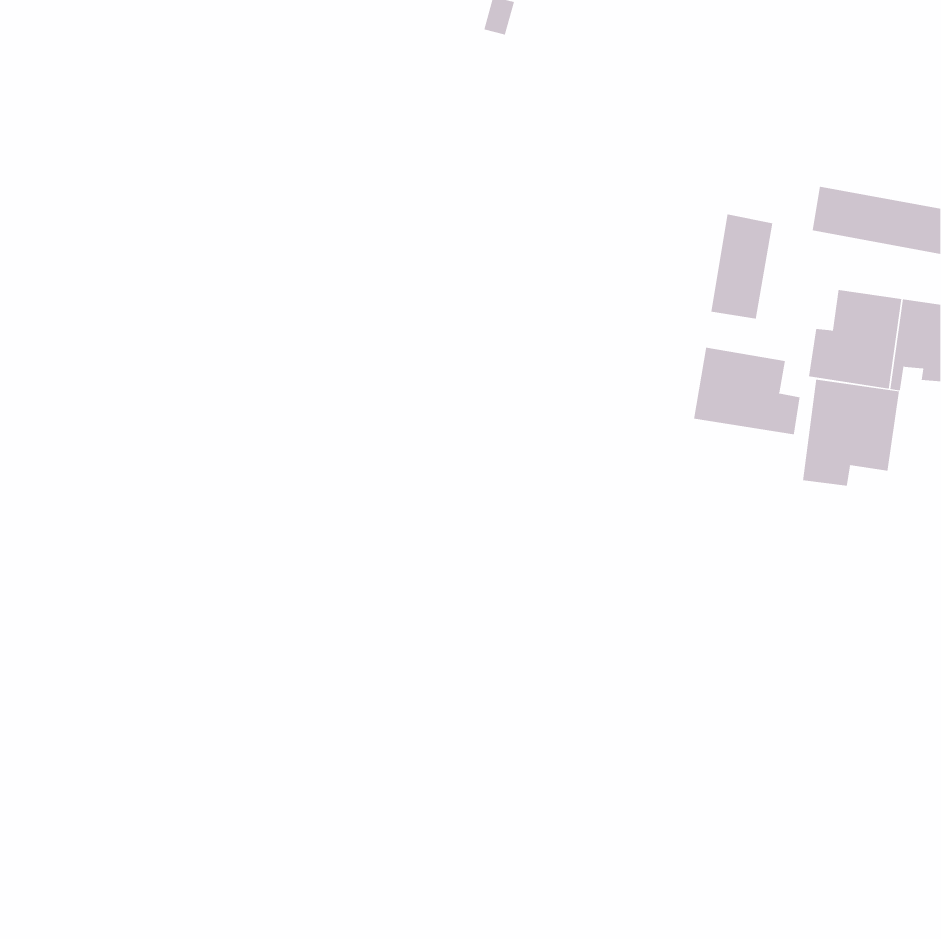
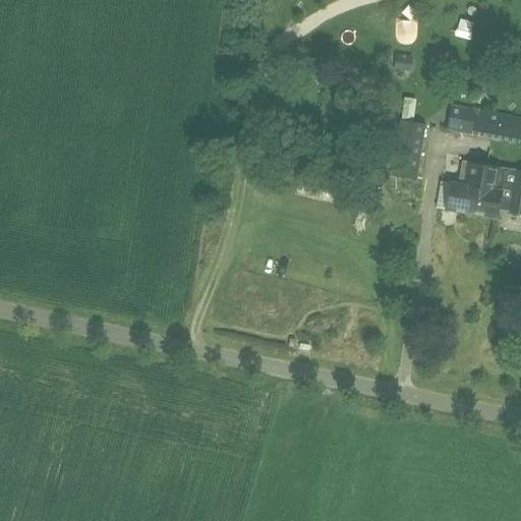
building: [694,347,800,435] -> none
building: [802,379,900,487] -> none

